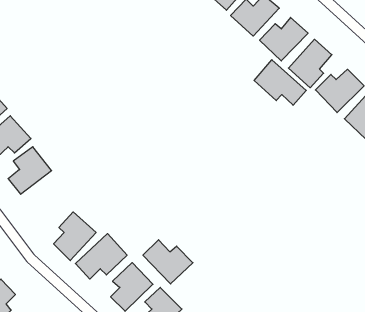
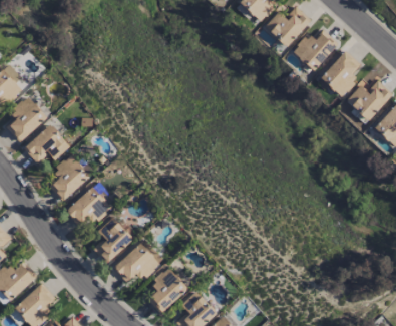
building: [254,60,306,105] -> none
building: none -> [65,188,111,226]
building: [143,240,193,284] -> none

